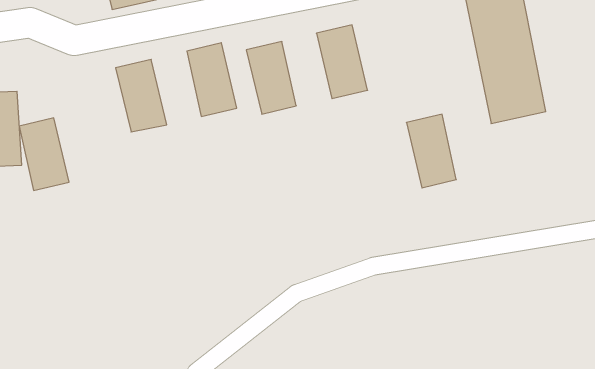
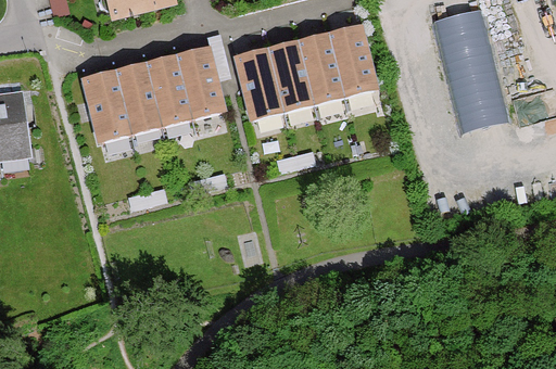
building: none -> [266,41,312,107]
building: none -> [147,58,192,125]
building: [406,114,456,188] -> [330,26,376,93]
building: [19,118,69,190] -> [83,73,128,139]

